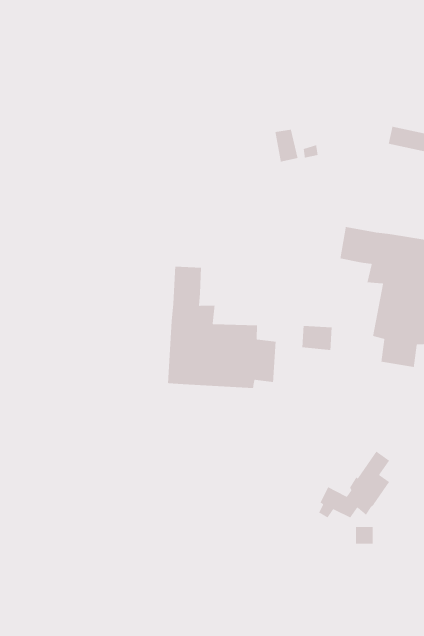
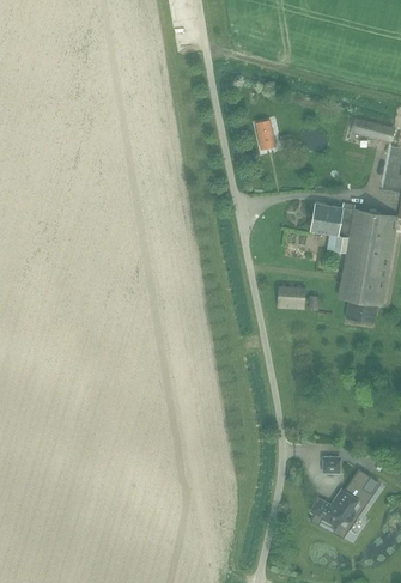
building: [167,266,276,389] -> none
building: [318,451,390,519] -> [310,468,371,526]

